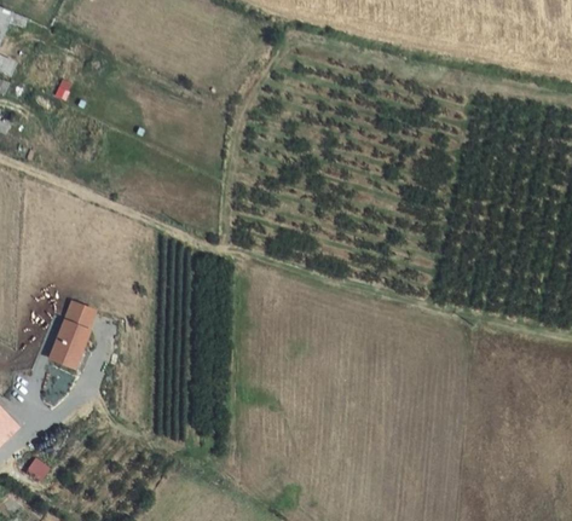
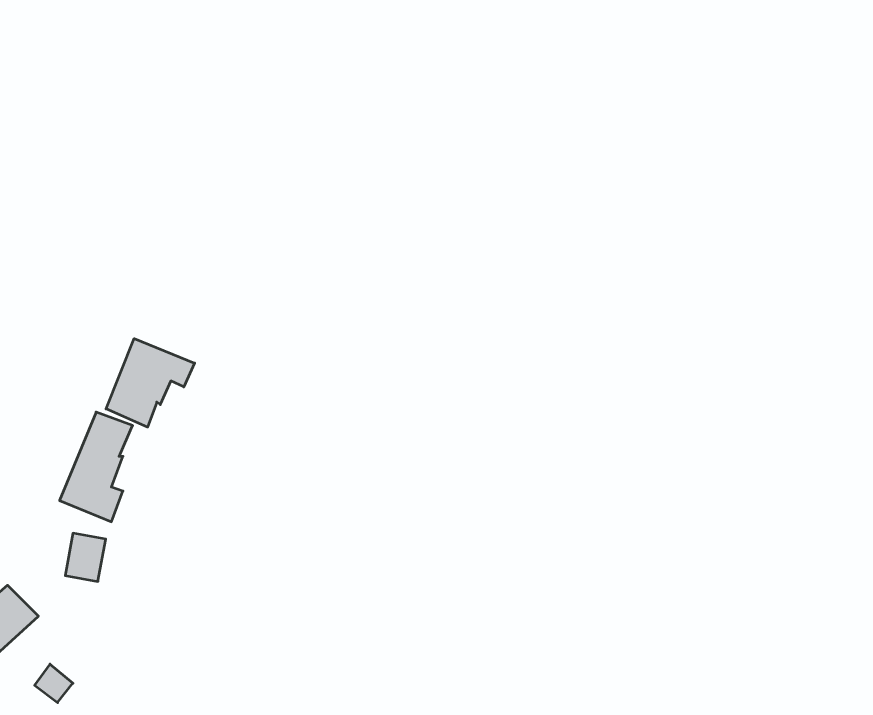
building: none -> [106,339,195,427]

